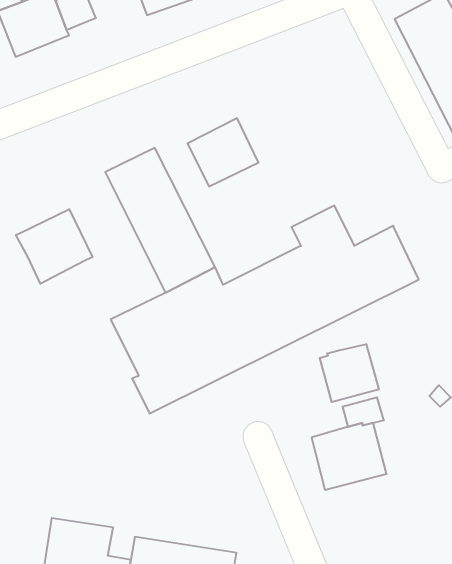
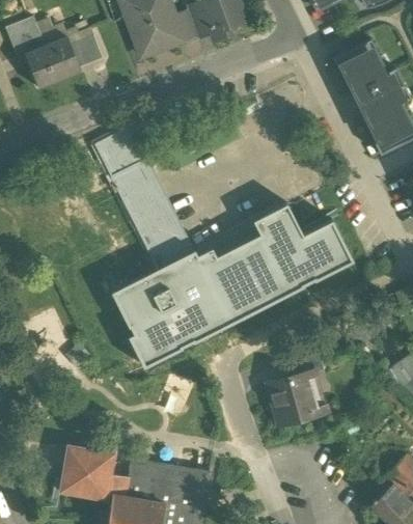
building: [187,118,259,186] -> [92,126,147,178]
building: [16,209,92,284] -> none
building: [320,344,379,402] -> none

